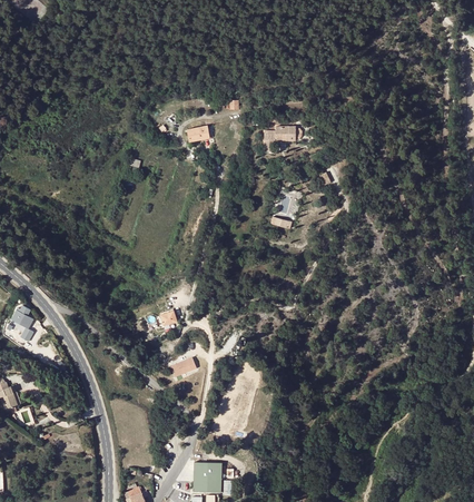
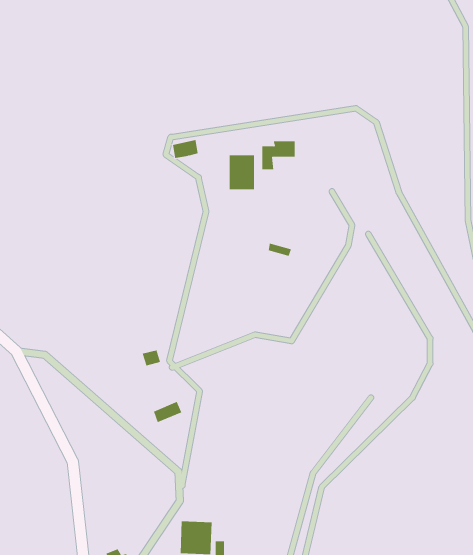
building: none -> [229,155,255,190]

